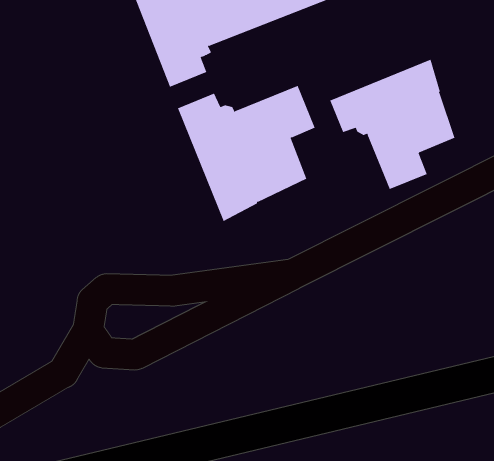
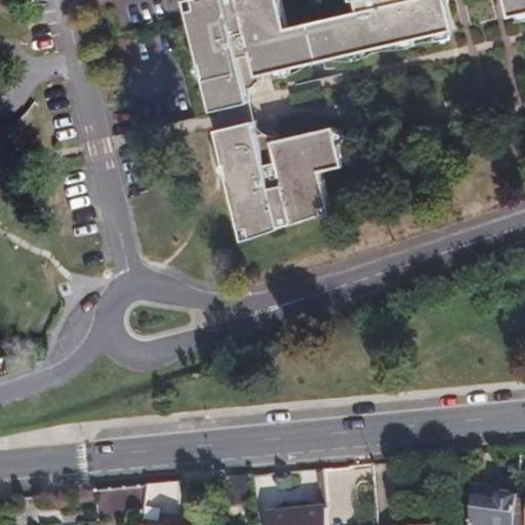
building: [330,59,455,190] -> none

